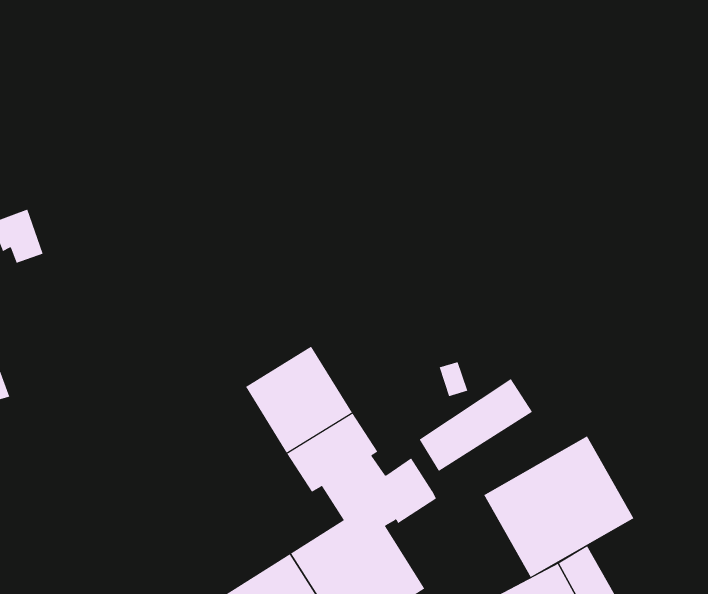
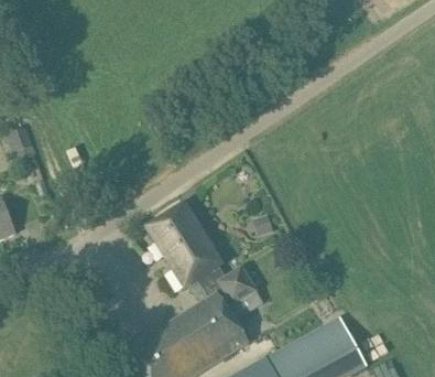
building: [419,378,533,472] -> none
building: [483,436,634,578] -> none

